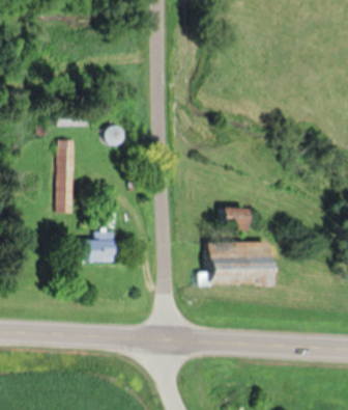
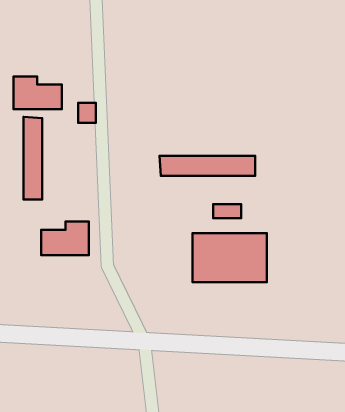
building: none -> [13,77,62,109]
building: none -> [160,156,255,176]

